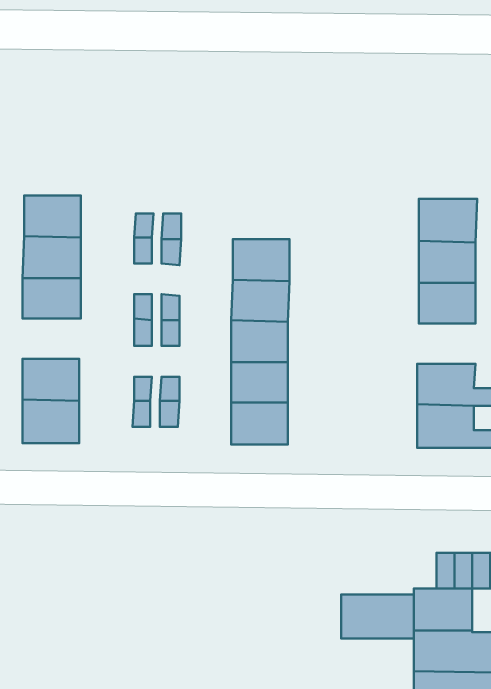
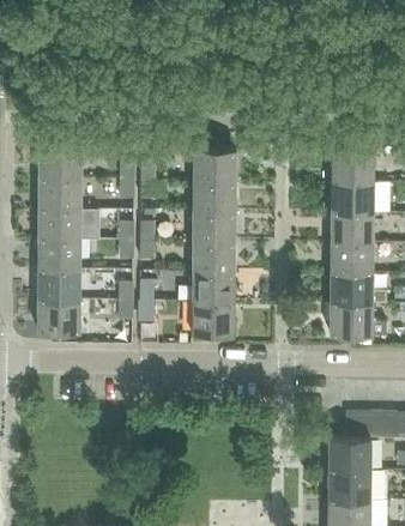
building: none -> [193,149,235,180]
building: none -> [37,238,80,268]
building: none -> [330,242,373,272]
building: [341,594,414,638] -> none

